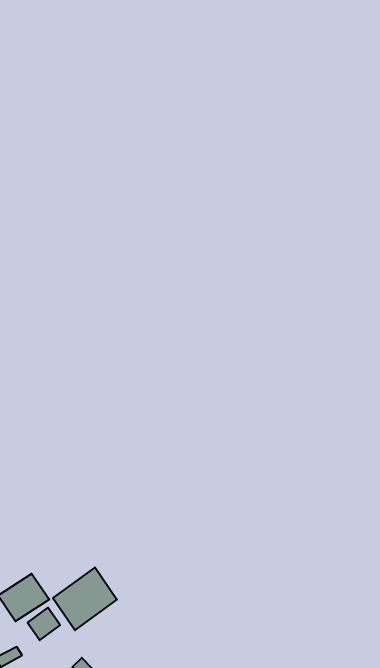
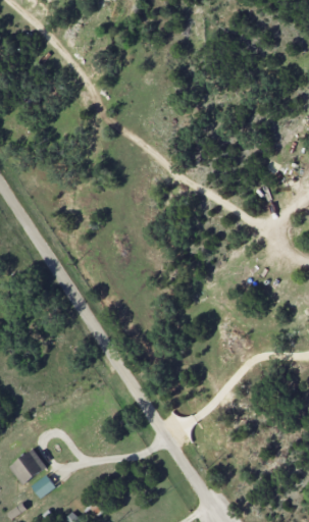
building: [53,567,117,630] -> none

